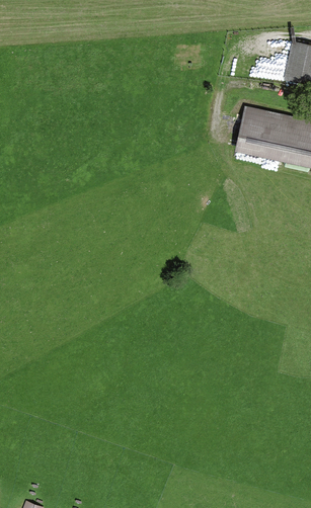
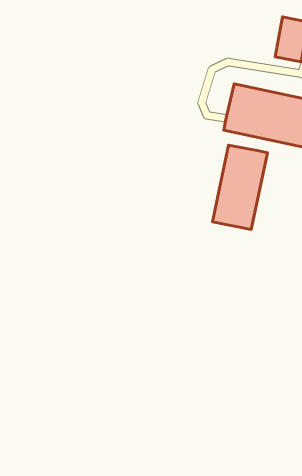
building: none -> [212,145,267,230]

